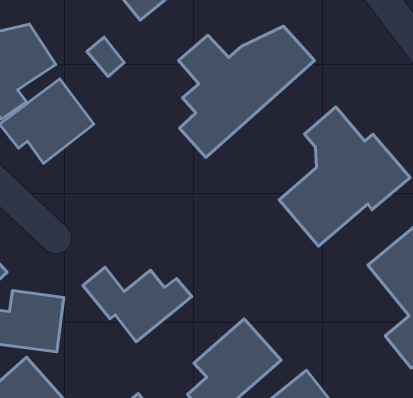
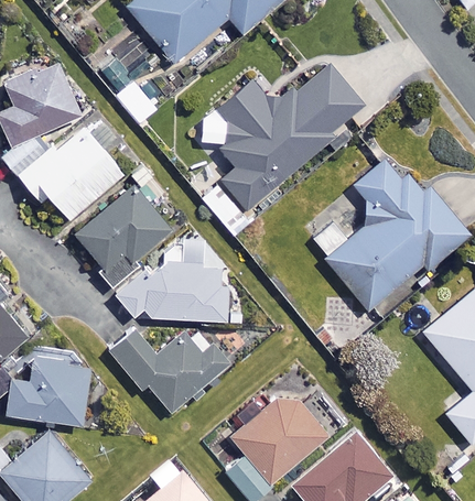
building: none -> [77,185,171,277]
building: none -> [117,251,228,319]

